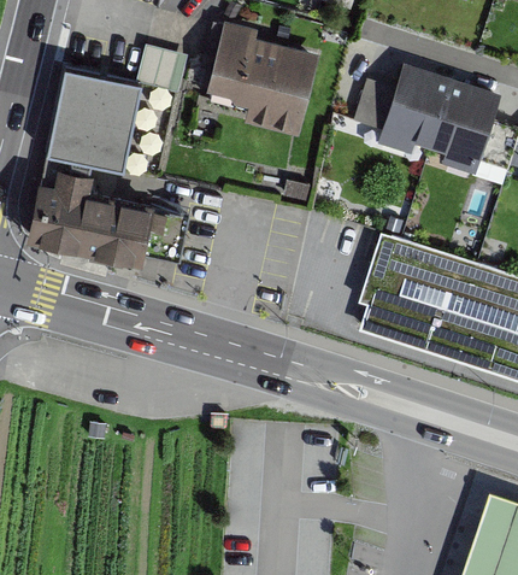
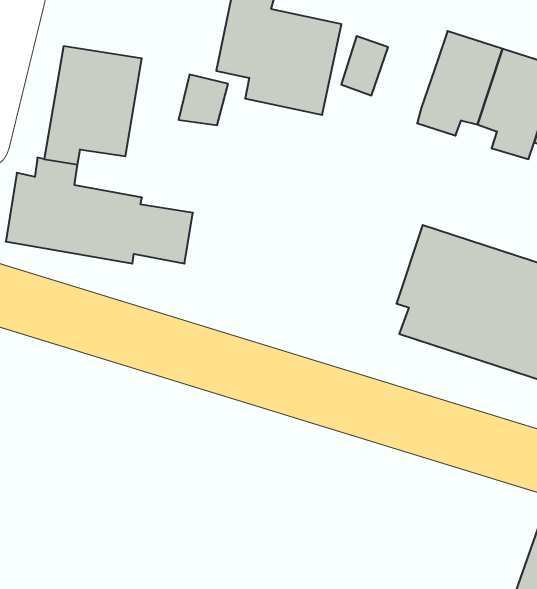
building: [137,47,181,92] -> [179,74,228,125]
building: [355,78,396,130] -> [341,36,388,95]

